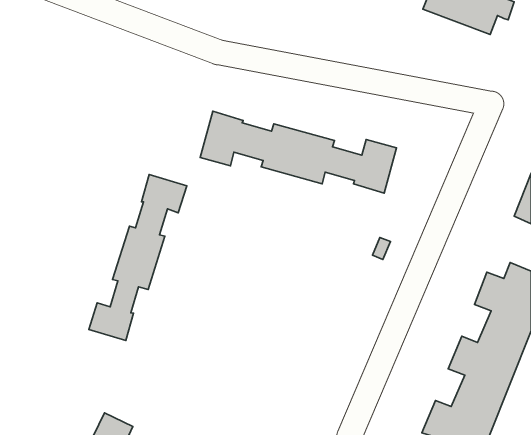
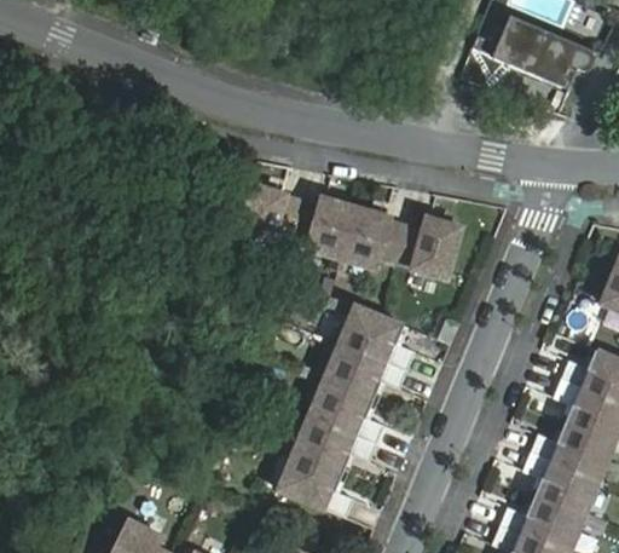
building: [89,175,187,341] -> none
building: none -> [277,310,412,523]

